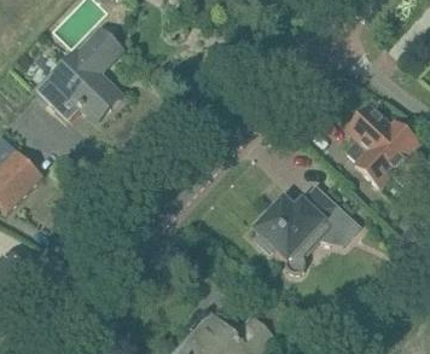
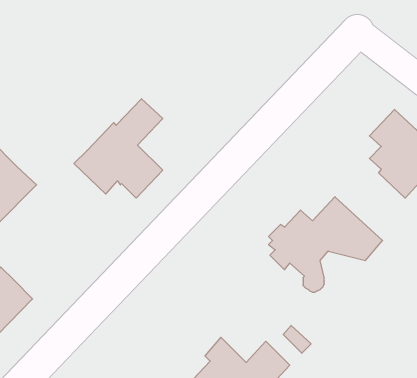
building: [40,30,121,121] -> [74,99,163,198]

